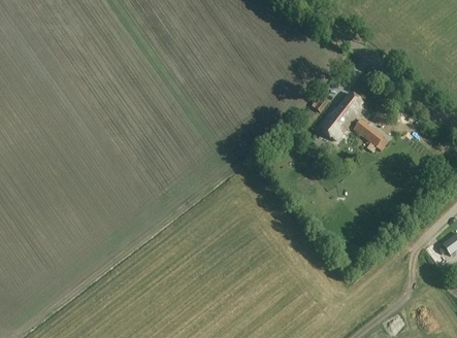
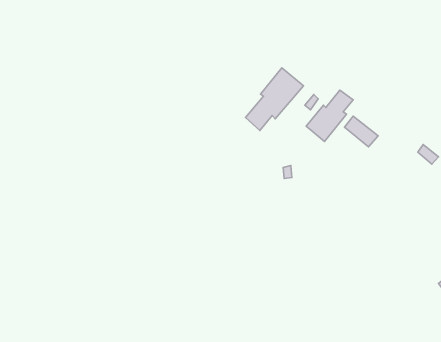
building: none -> [246,68,304,131]

